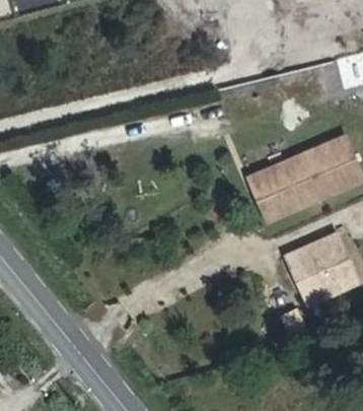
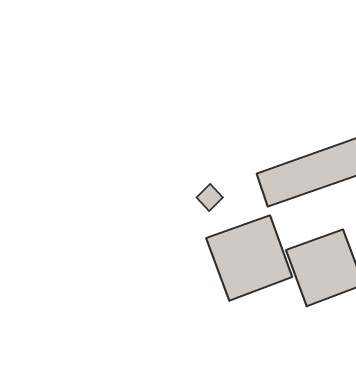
building: none -> [206,215,292,301]

